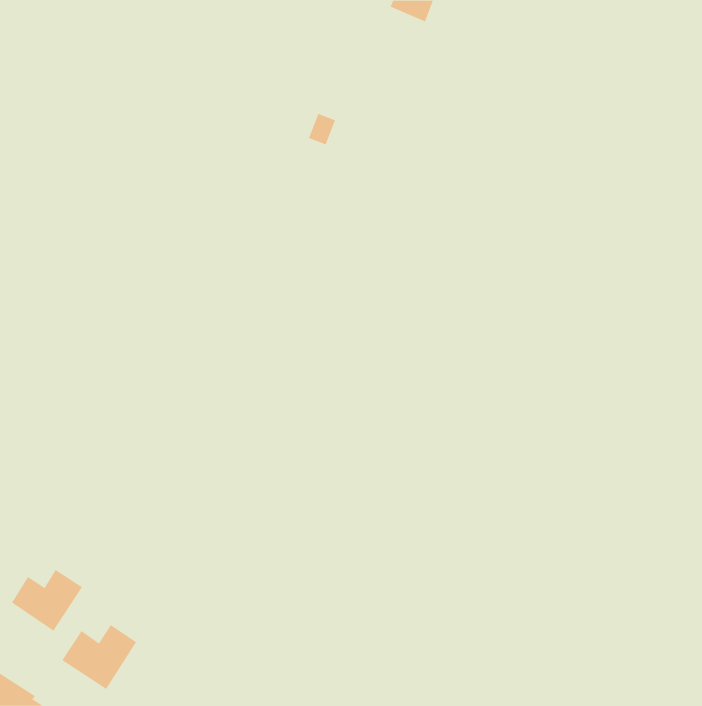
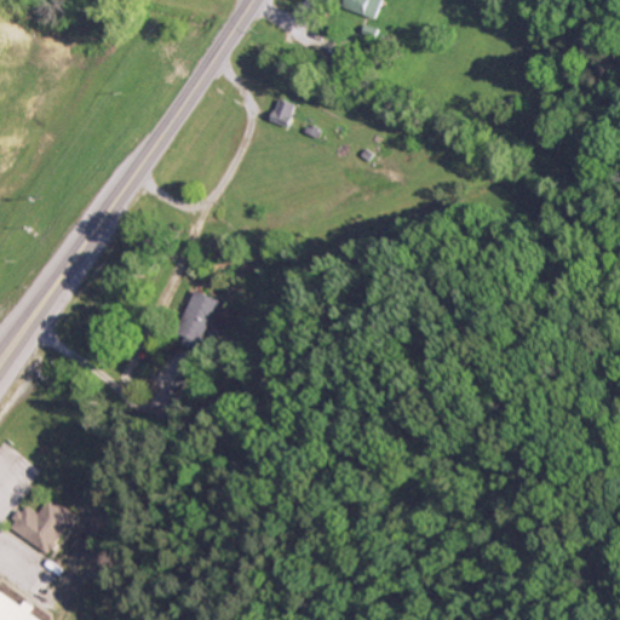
building: none -> [171,291,218,348]
building: [61,624,137,690] -> none

